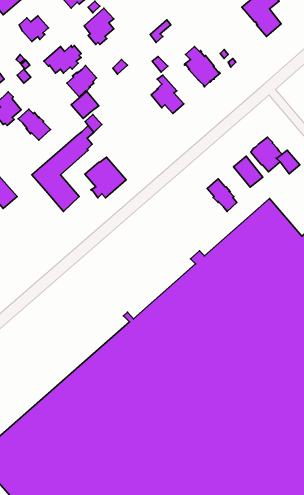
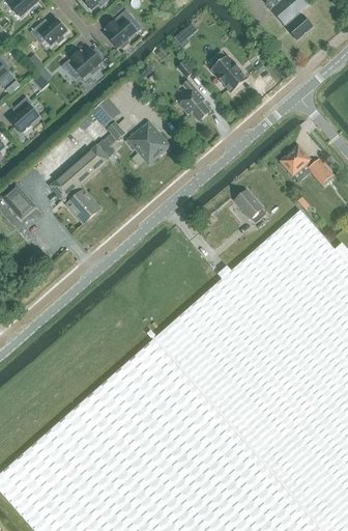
building: [67,66,96,97] -> none
building: [18,109,50,140] -> none
building: [233,156,263,187] -> none
building: [85,157,126,198] -> [126,122,170,165]

